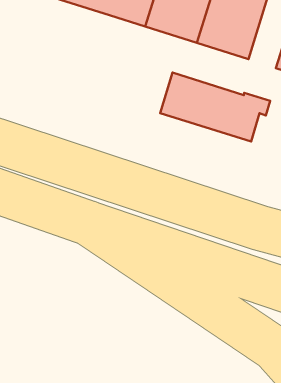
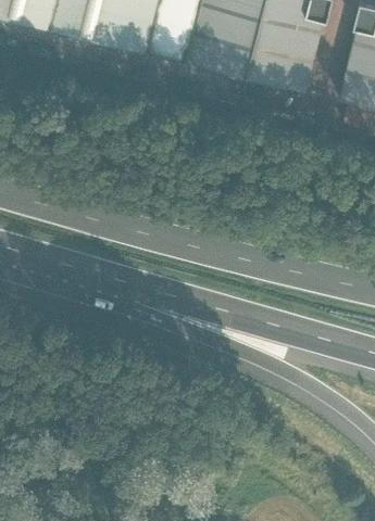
building: [160,73,270,141] -> none

